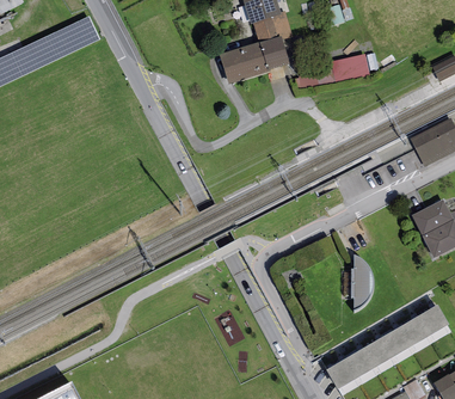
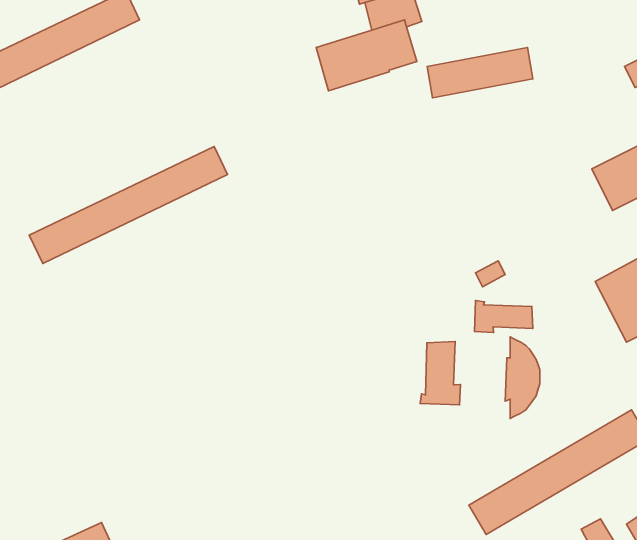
building: none -> [29,146,228,264]
building: none -> [474,301,533,332]
building: none -> [420,342,461,405]

